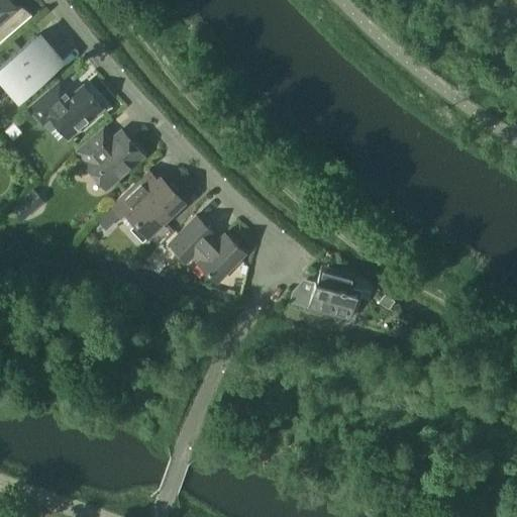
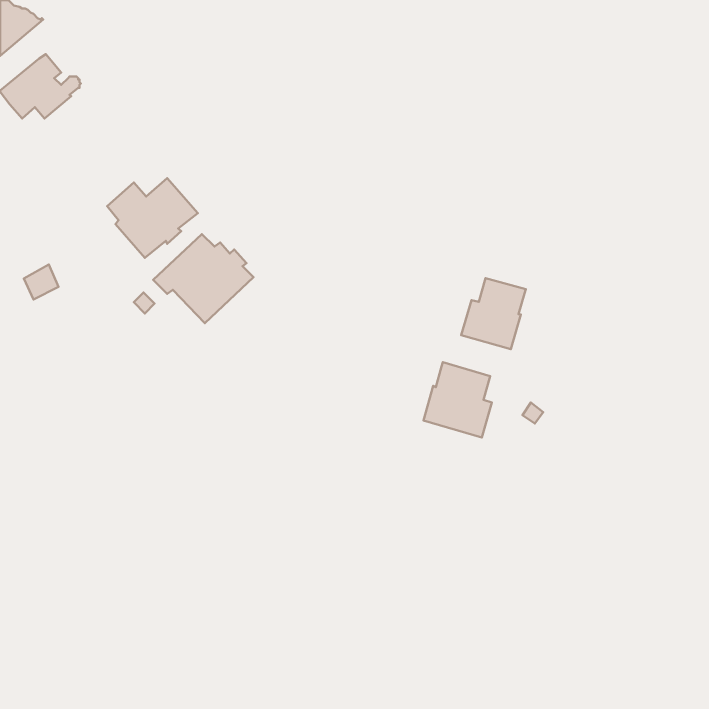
building: [29,87,103,145] -> none
building: none -> [461,278,526,349]
building: [171,216,246,283] -> none

